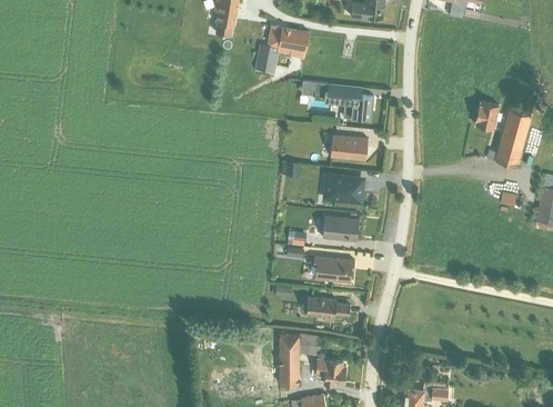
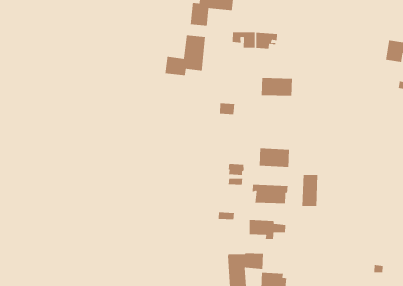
building: none -> [165,34,206,76]
building: [341,92,372,123] -> none
building: [322,173,362,200] -> none
building: none -> [302,174,318,207]

